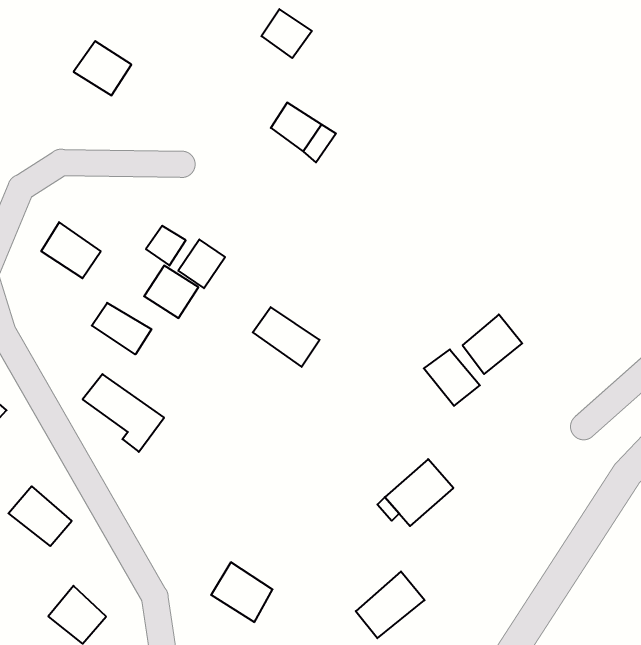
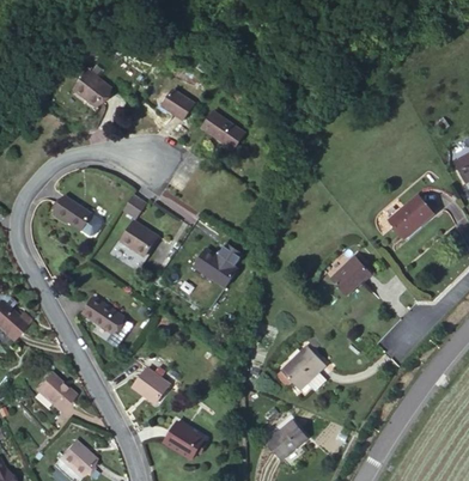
building: [261,9,312,58] -> [163,90,196,122]
building: none -> [390,193,436,240]
building: [178,239,225,288] -> none
building: [92,303,151,354] -> none
building: [424,349,480,406] -> none
building: none -> [130,363,168,400]

